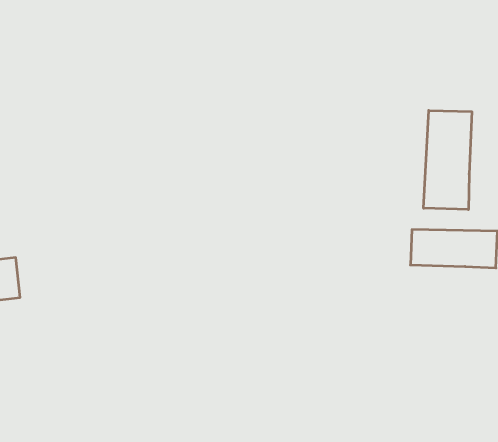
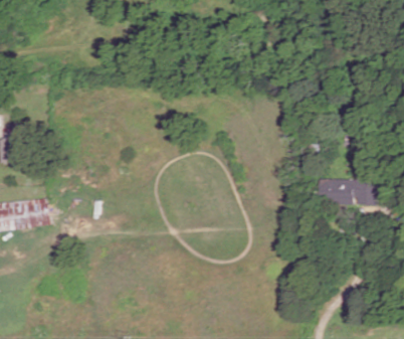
building: [424,110,472,210] -> none

